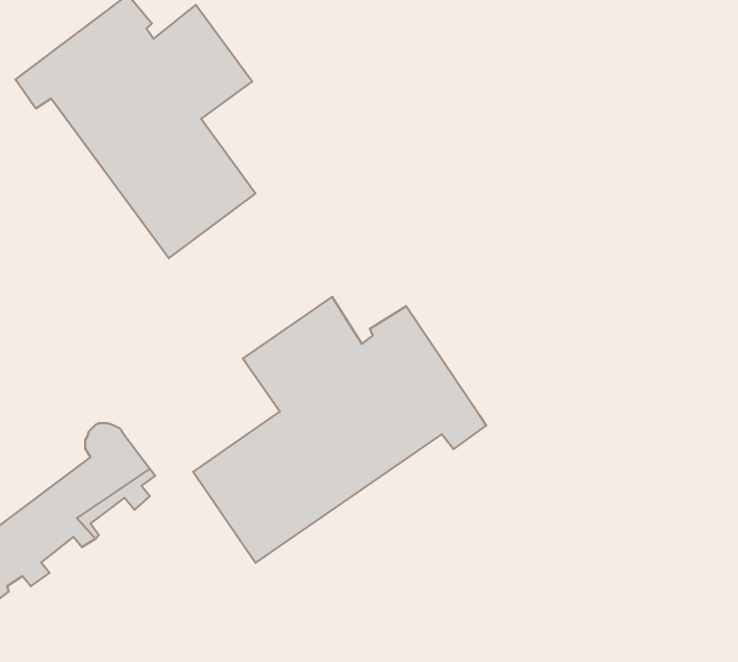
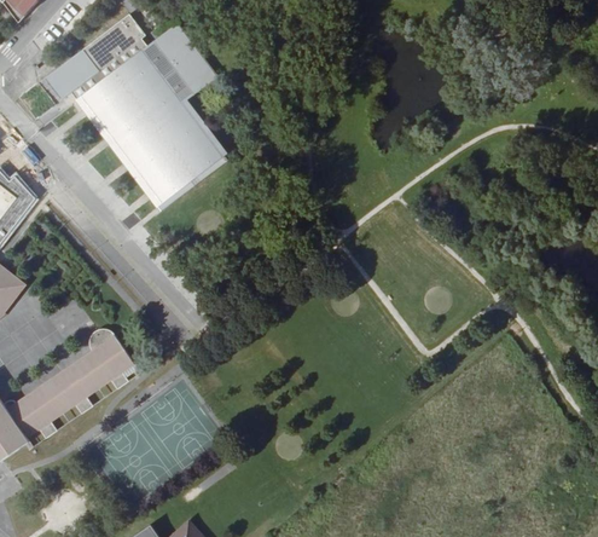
building: [193,297,486,563] -> none

